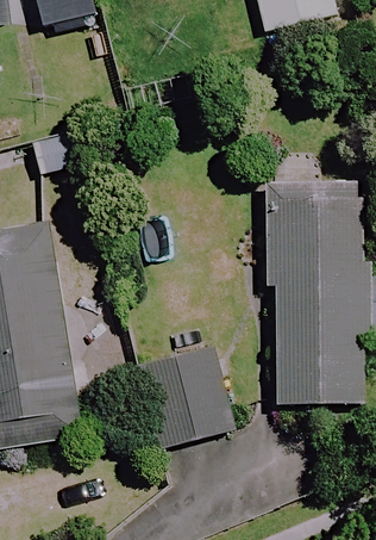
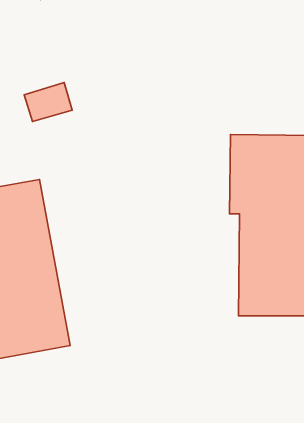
building: [143,350,233,446] -> none

